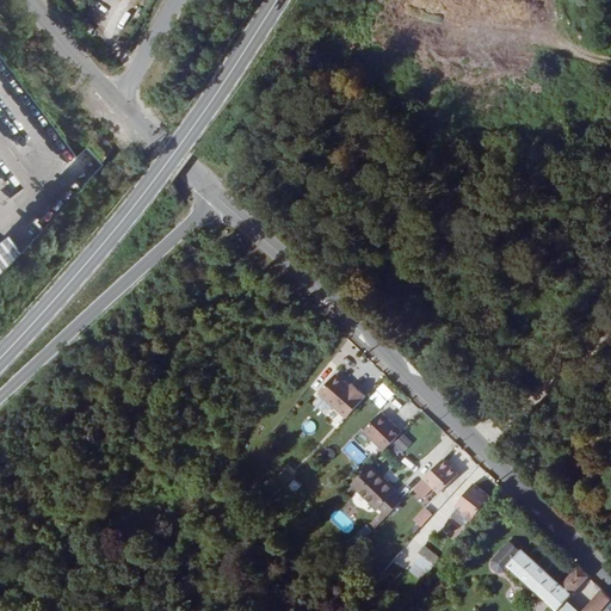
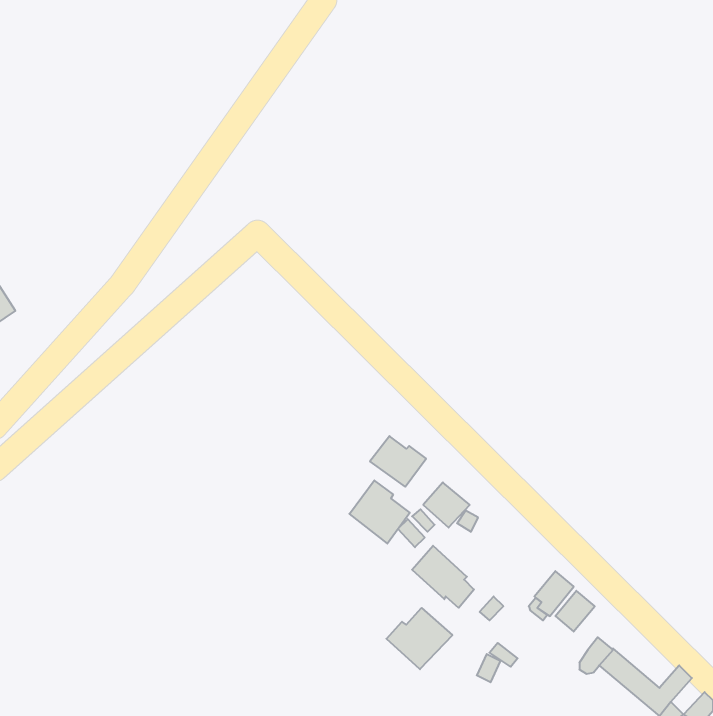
building: none -> [349,480,410,544]
building: [421,458,455,493] -> [555,591,595,632]
building: none -> [386,608,452,669]

